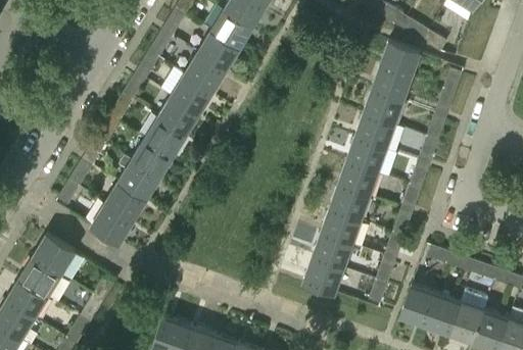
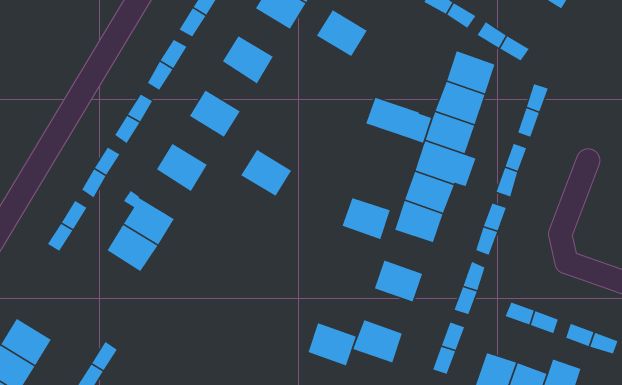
building: [210,10,252,49] -> [316,9,368,57]
building: [184,53,226,93] -> none
building: none -> [365,97,432,144]
building: [157,97,199,136] -> [240,149,292,197]
building: [131,140,173,180] -> none
building: [328,189,368,223] -> [342,197,391,240]
building: [90,205,132,245] -> none
building: [312,236,351,271] -> [307,322,357,366]
building: [32,237,84,282] -> none

